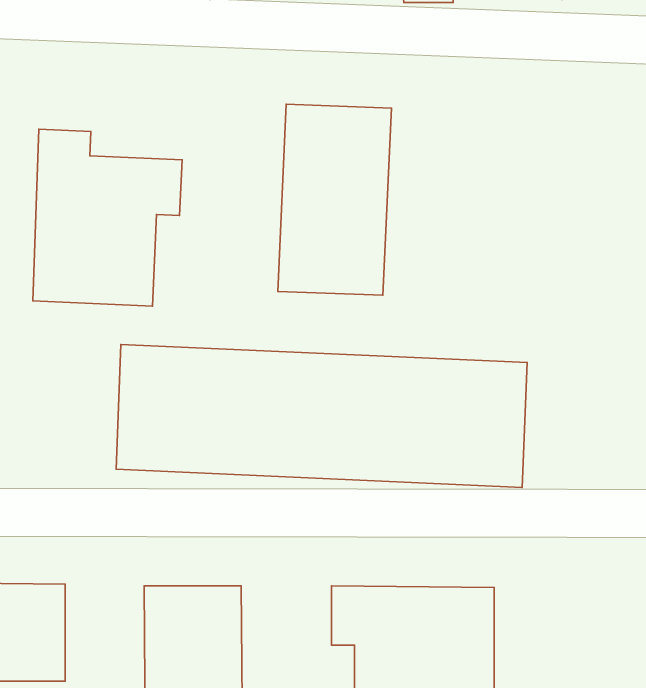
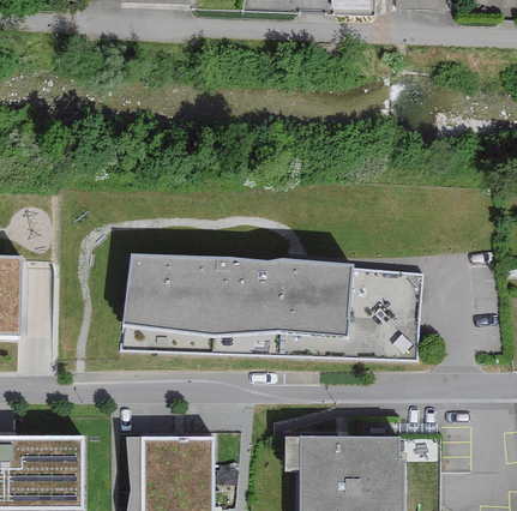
building: [278,104,391,295] -> none
building: [33,129,182,306] -> none

